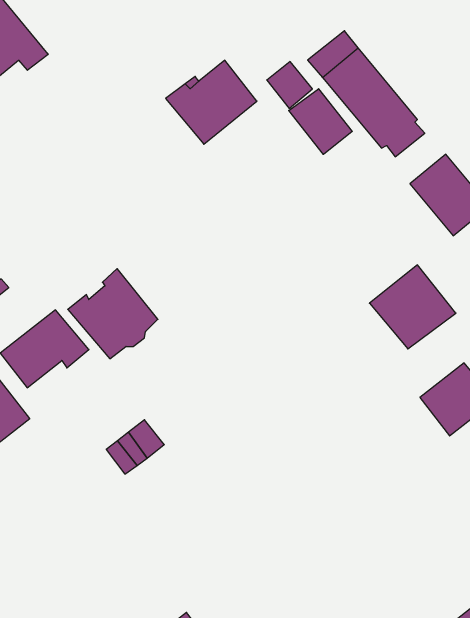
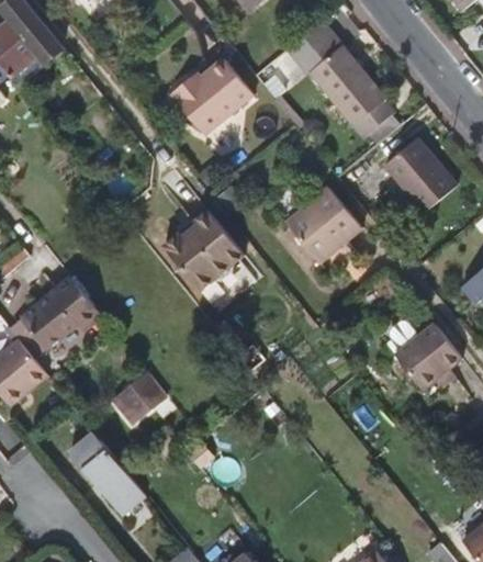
building: [289,89,352,154] -> none
building: [369,265,456,349] -> [284,187,361,261]
building: [68,269,158,359] -> [160,206,240,286]
building: none -> [70,431,146,515]

